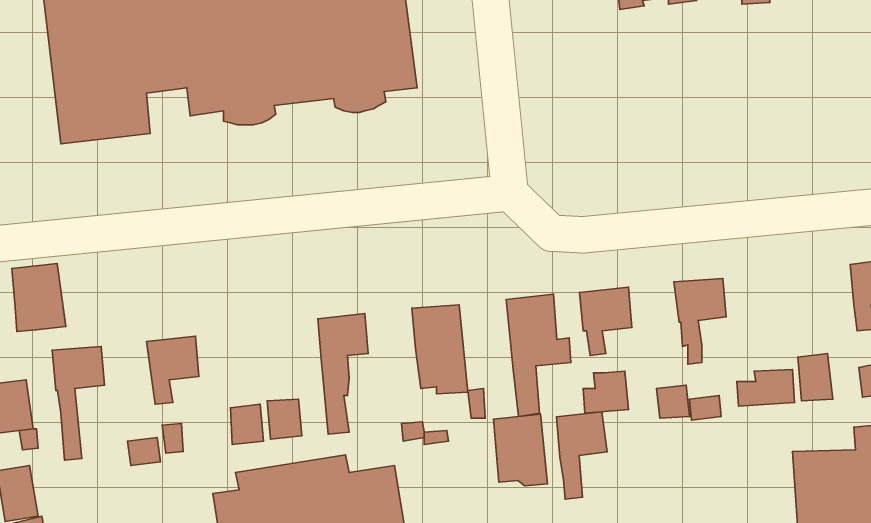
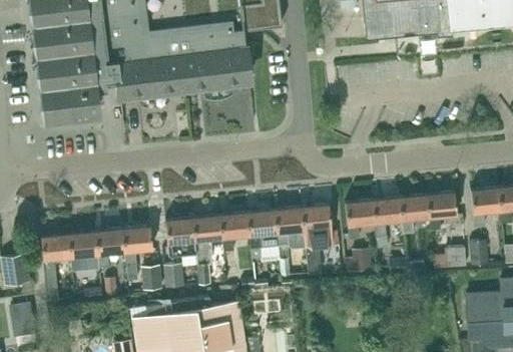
building: [12,263,66,332] -> [69,231,100,270]
building: none -> [471,187,501,226]
building: none -> [426,192,456,231]
building: none -> [220,212,249,251]
building: none -> [165,218,195,256]
building: none -> [123,226,152,280]
building: [556,412,607,499] -> [372,197,401,247]
building: [493,414,548,486] -> [275,207,306,248]

